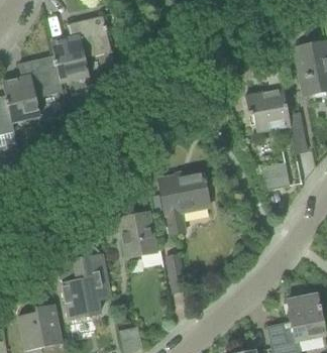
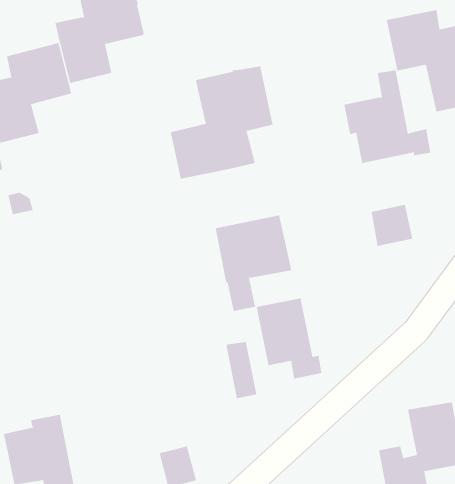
building: none -> [170,66,273,180]
building: [118,212,162,266] -> [256,298,322,379]
building: [54,236,112,319] -> none

